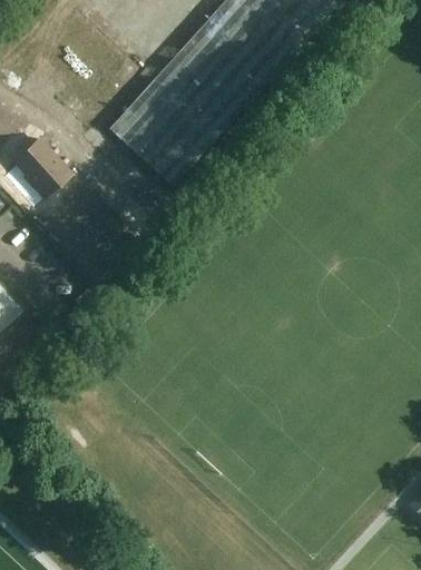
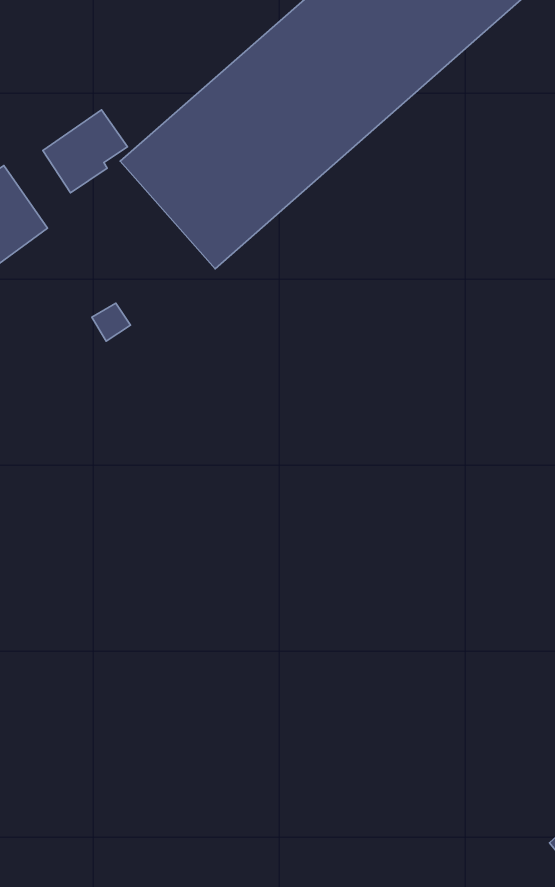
building: none -> [43,110,127,193]

